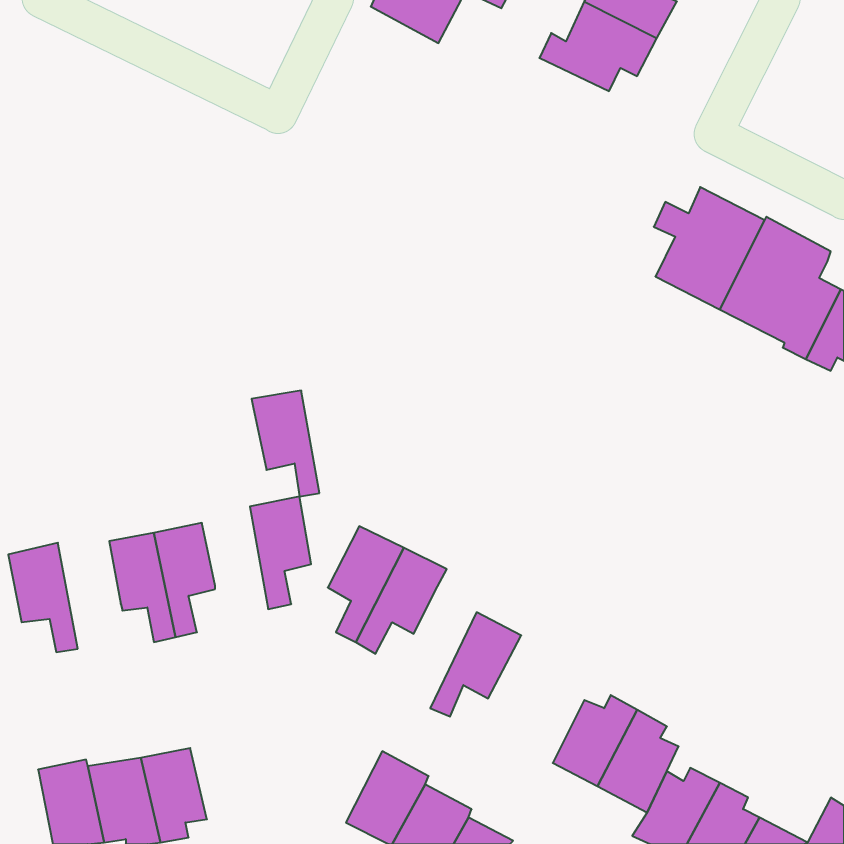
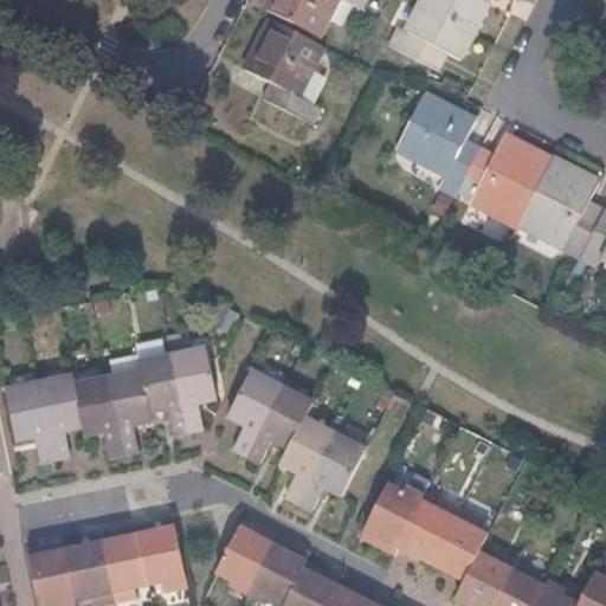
building: none -> [241,17,320,121]
building: none -> [395,92,476,194]
building: [252,391,319,496] -> [143,362,192,438]
building: none -> [41,381,86,464]
building: none -> [288,423,341,507]
building: none -> [359,483,418,552]
building: none -> [213,518,273,588]
building: none -> [136,529,186,594]

